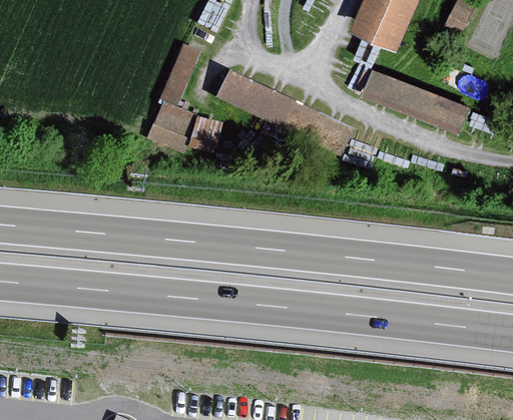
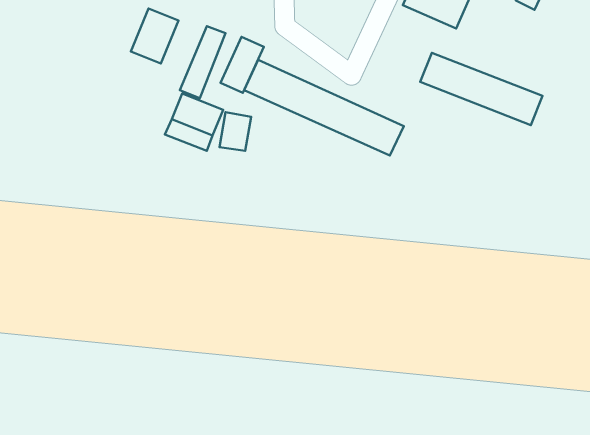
building: none -> [131,9,178,63]
building: none -> [221,37,264,93]

